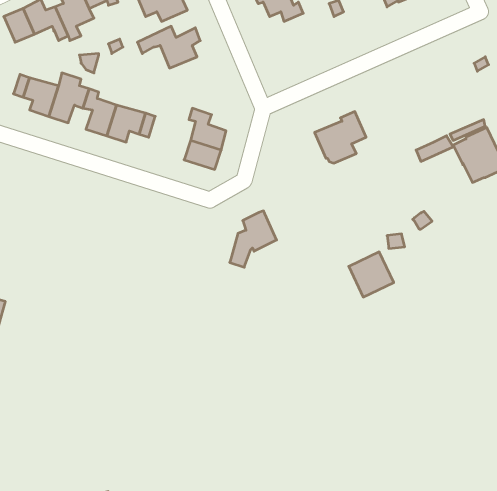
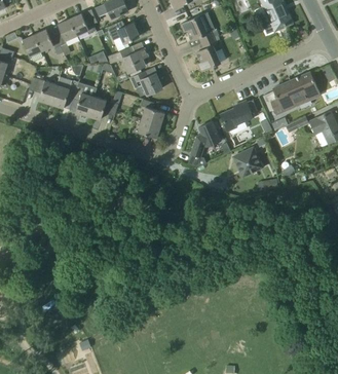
building: none -> [197,38,226,70]
building: none -> [130,72,162,95]
building: none -> [267,72,321,114]
building: [230,211,277,267] -> [191,121,221,157]
building: [349,252,394,297] -> [233,148,262,177]

